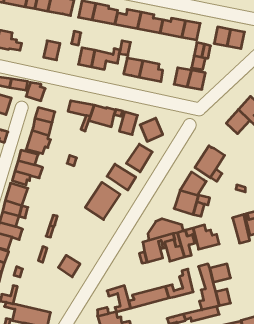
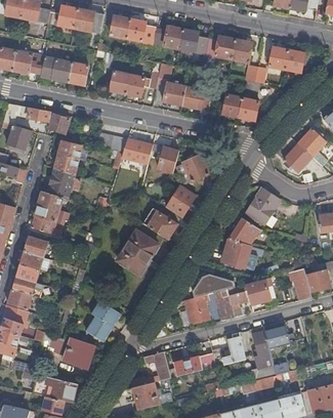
building: none -> [40,56,72,82]
building: none -> [90,300,120,326]
building: none -> [63,337,91,367]

